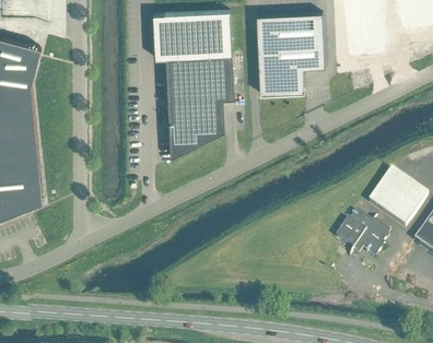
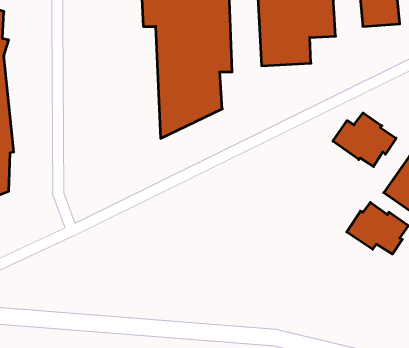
building: none -> [333,113,396,167]

